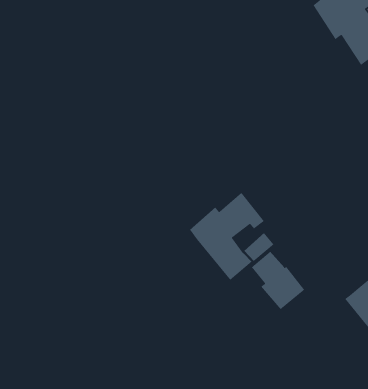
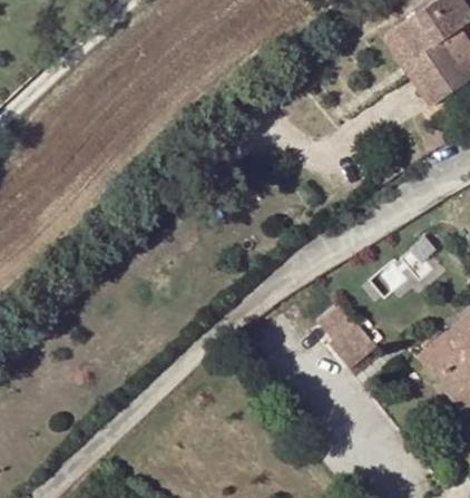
building: [189,192,265,281] -> none

